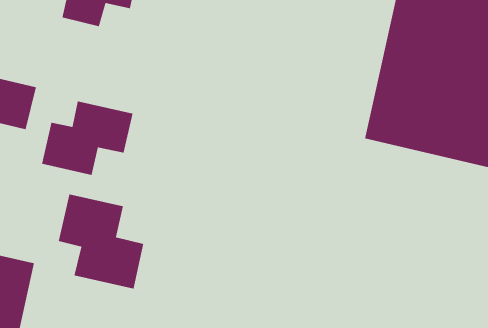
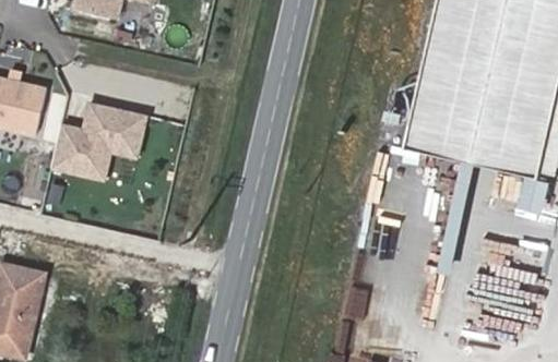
building: [58,193,144,289] -> none

